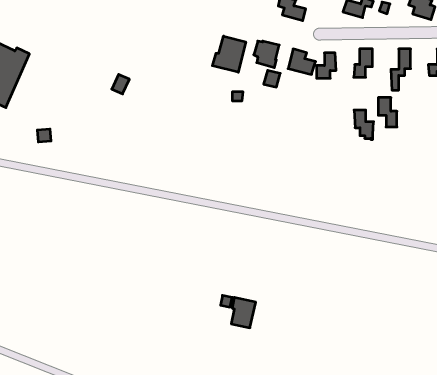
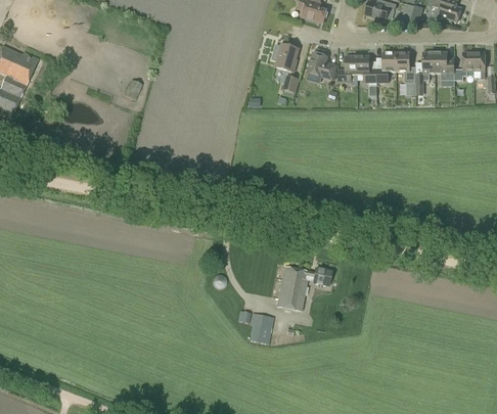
building: [212,36,246,72] -> none
building: none -> [436,52,455,80]
building: [378,98,397,127] -> [396,52,415,83]
building: [354,110,374,139] -> [357,56,377,87]
building: none -> [276,266,331,311]

